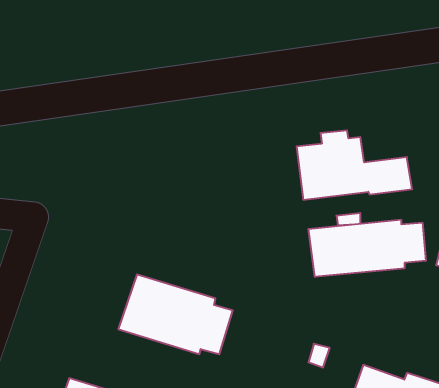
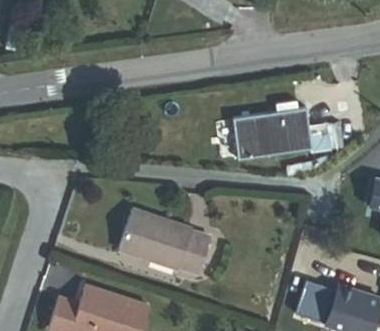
building: none -> [234,115,263,158]
building: [308,220,426,277] -> none

